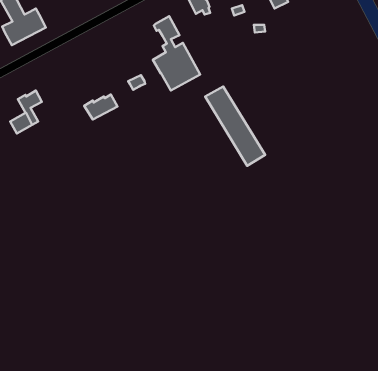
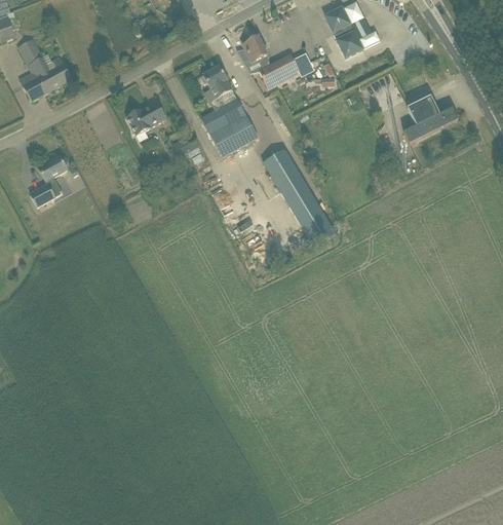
building: none -> [260,54,300,87]
building: none -> [402,95,457,142]
building: [84,95,118,119] -> [126,104,166,134]

